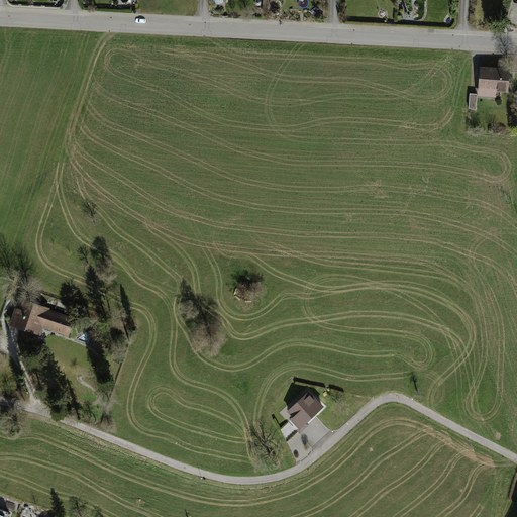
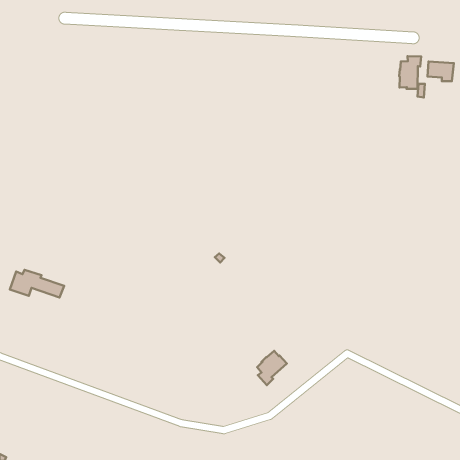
building: none -> [399,56,421,89]

